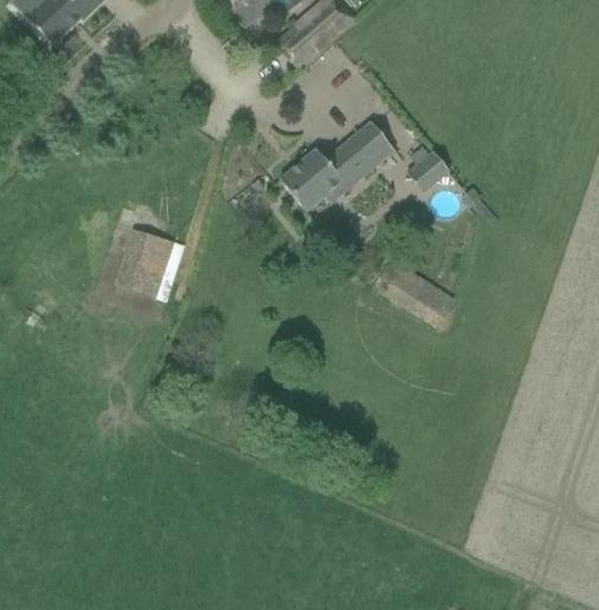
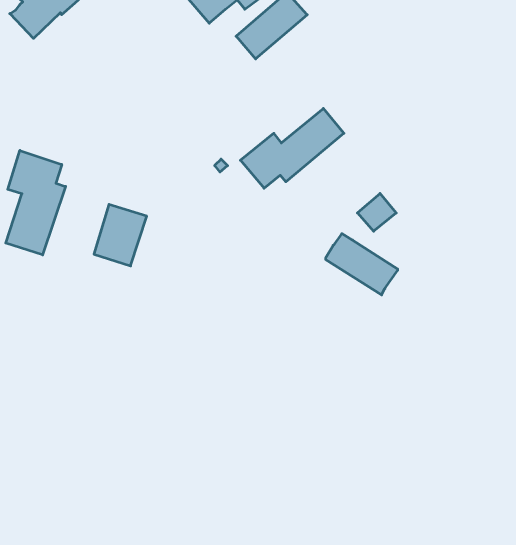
building: [407,150,450,192] -> [357,193,396,231]
building: none -> [6,150,66,255]

